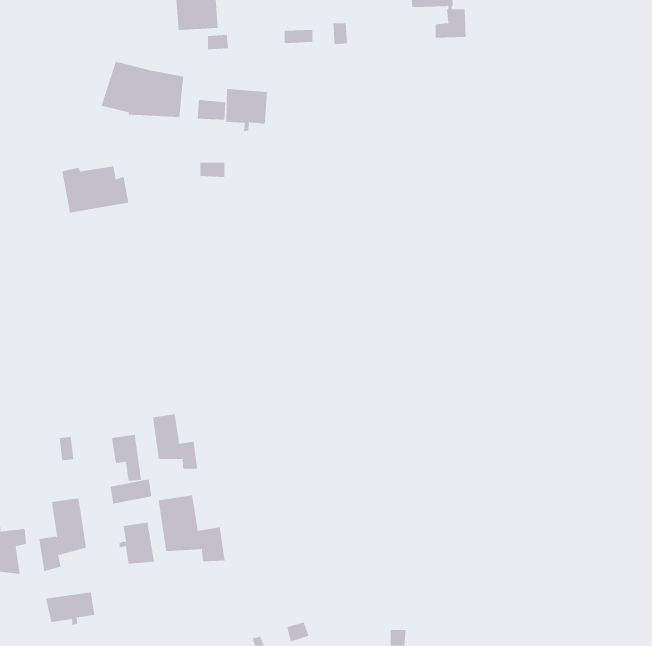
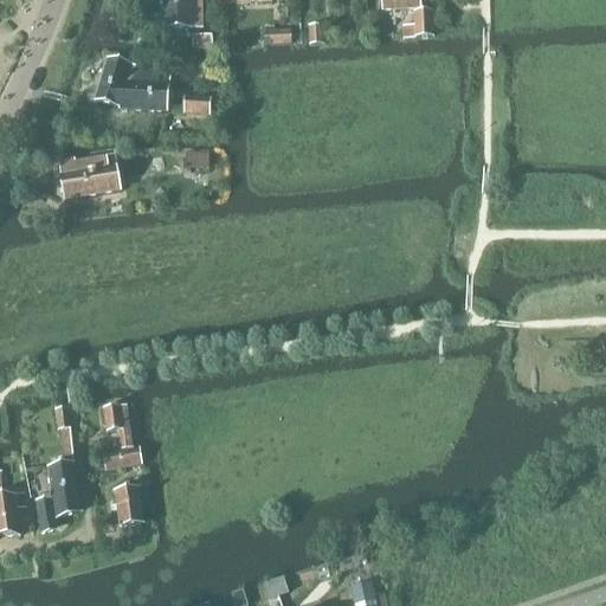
building: [226,88,268,132] -> none
building: [152,413,198,470] -> none
building: [158,494,225,562] -> none
building: [45,591,95,626] -> none

